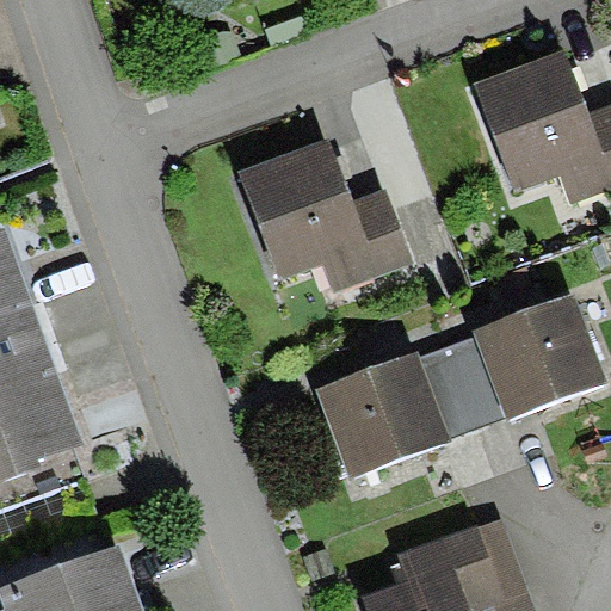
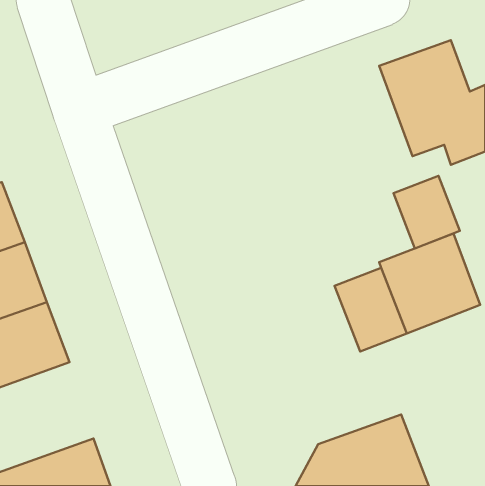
building: [235,136,415,297] -> none
building: none -> [394,176,460,248]
building: [310,351,451,481] -> none

